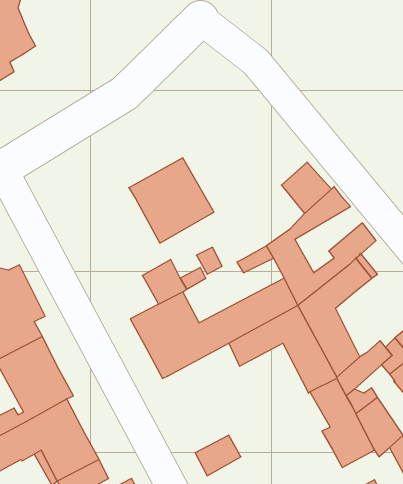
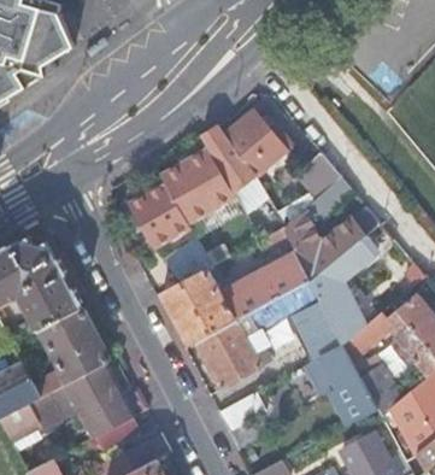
building: none -> [199,109,292,195]
building: none -> [127,183,188,246]
building: none -> [193,318,268,388]

